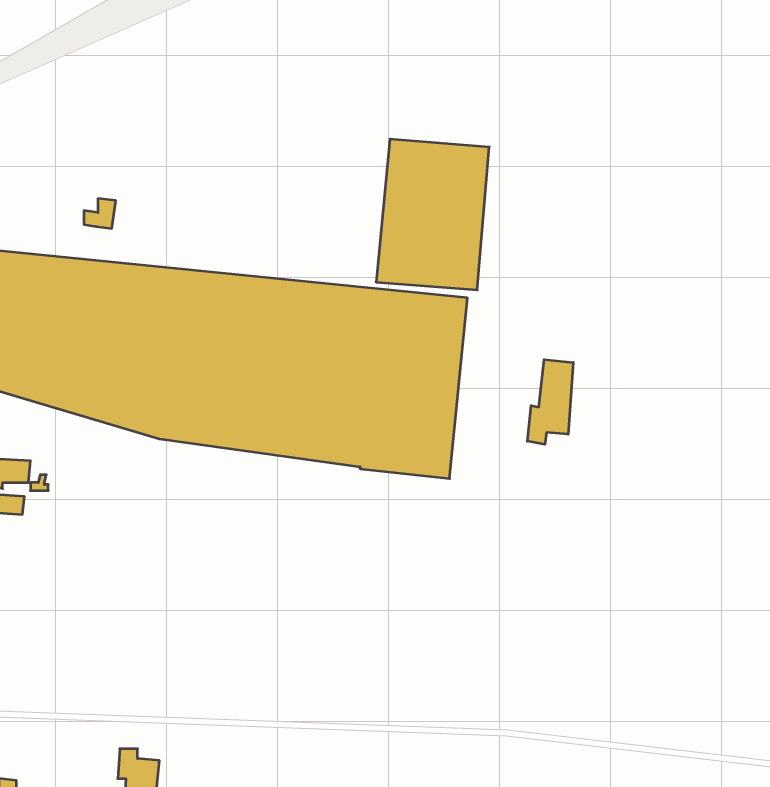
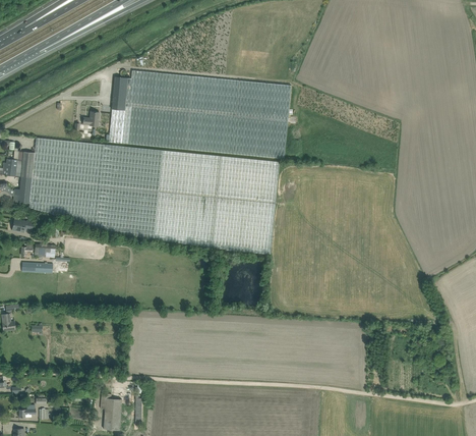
building: none -> [109,69,239,153]
building: [527,360,573,444] -> none

